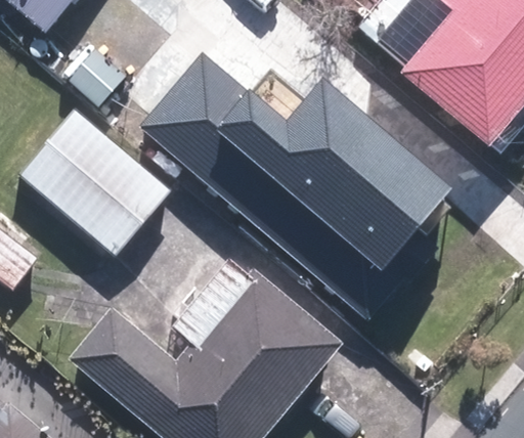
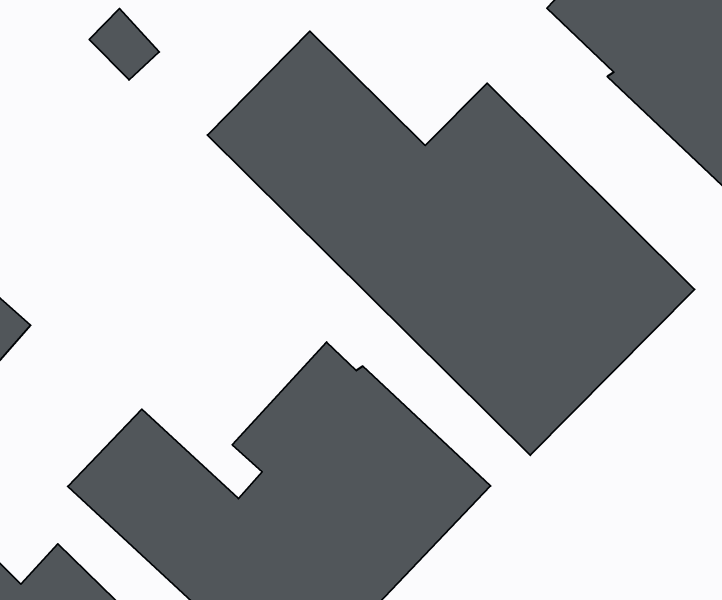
building: [17,106,172,257] -> none

